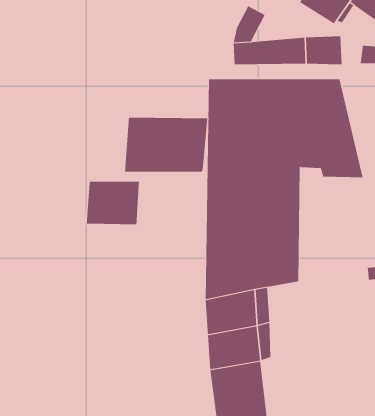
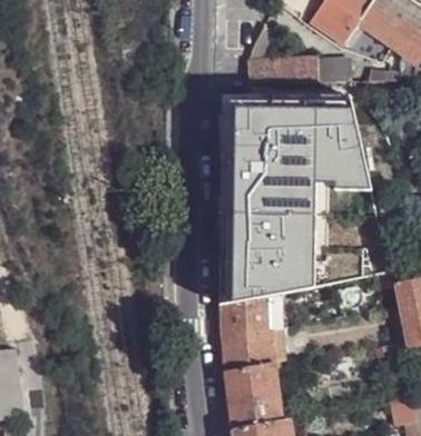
building: [124,117,208,172] -> none
building: [86,181,139,225] -> none

